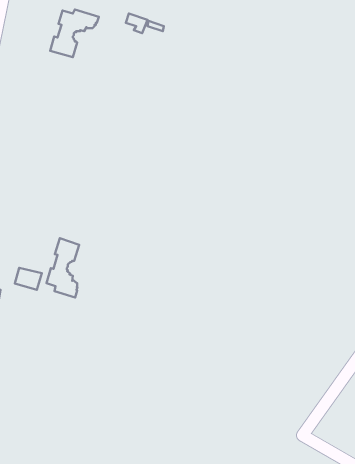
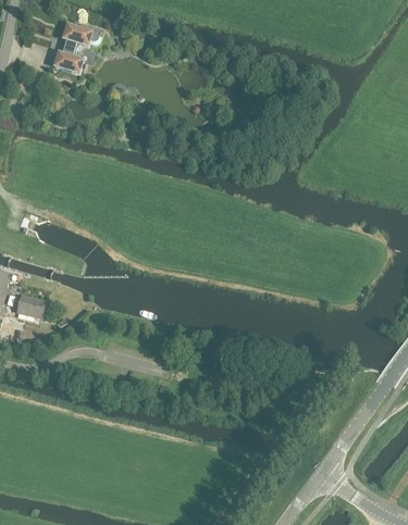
building: [46,238,79,297] -> none

